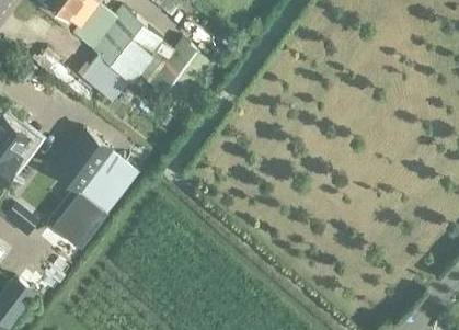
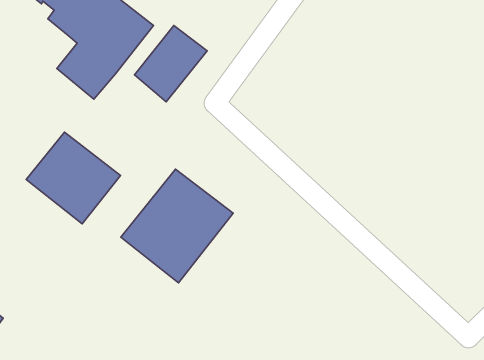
building: none -> [121,169,233,283]
building: [53,192,103,244] -> none

